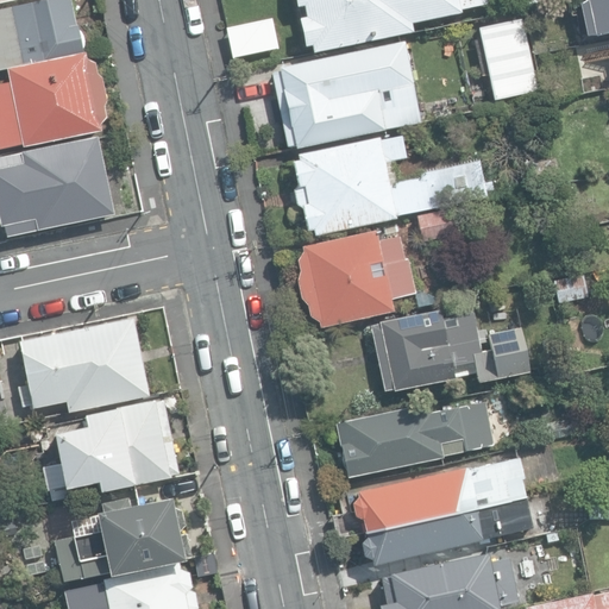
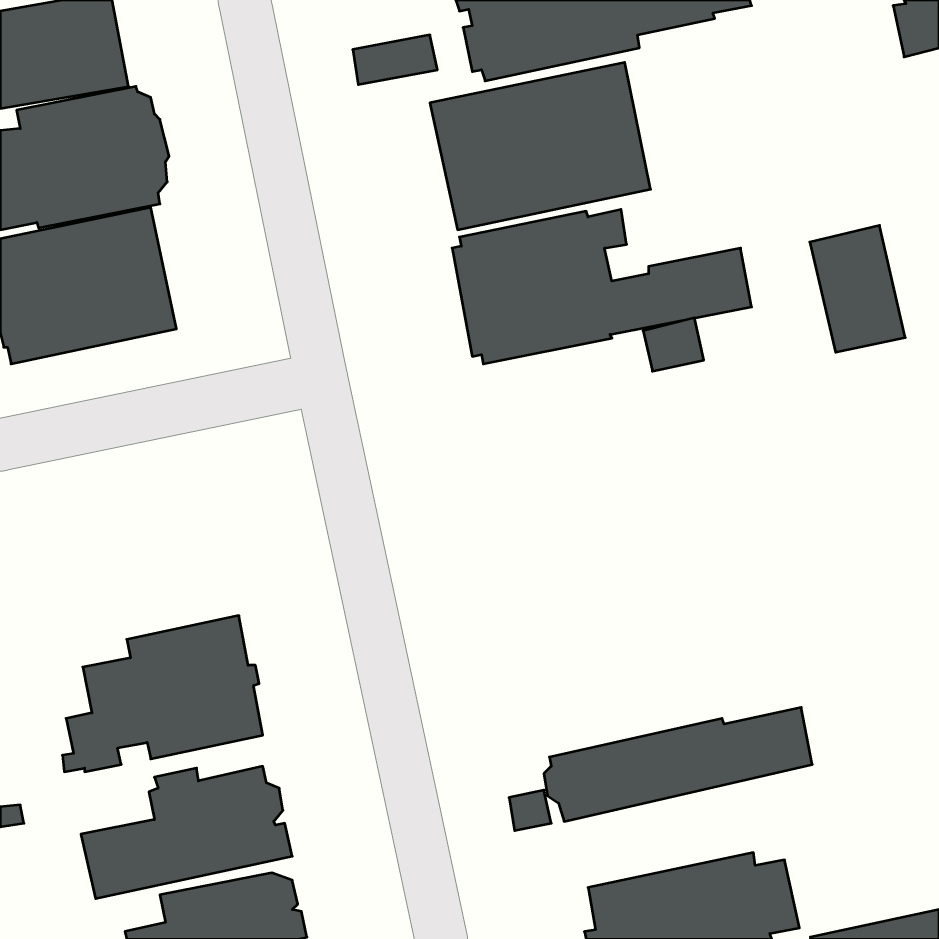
building: [477,18,539,100] -> [810,225,905,352]
building: [296,228,415,326] -> none
building: [370,309,528,390] -> none
building: [19,316,149,412] -> none
building: [335,402,494,477] -> none
building: [360,495,533,564] -> none

